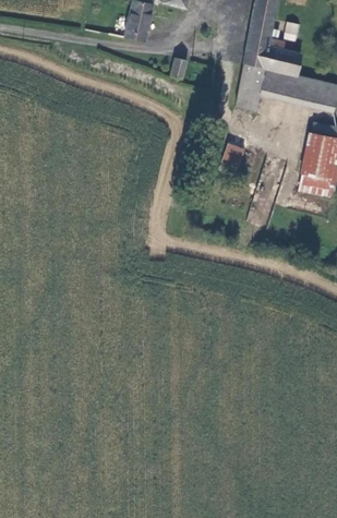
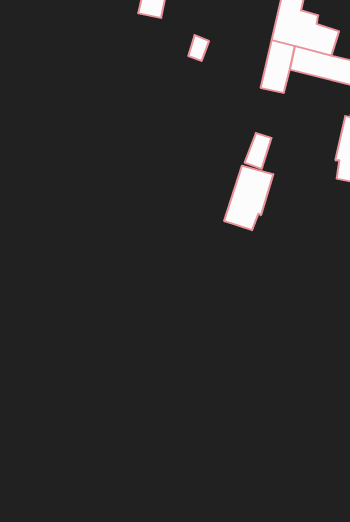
building: none -> [224,166,273,230]

